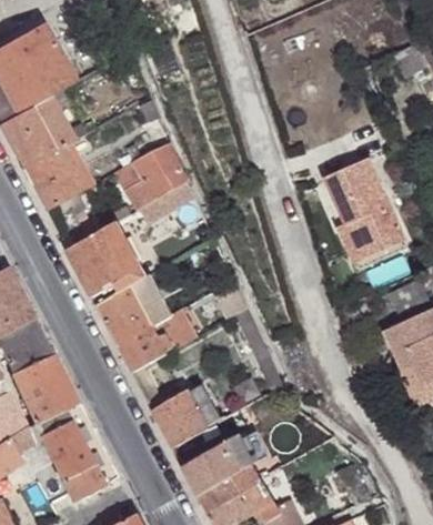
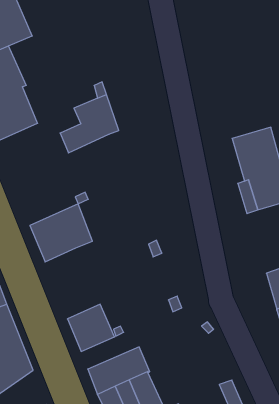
building: [68,188,182,297] -> none
building: [118,325,202,372] -> none

